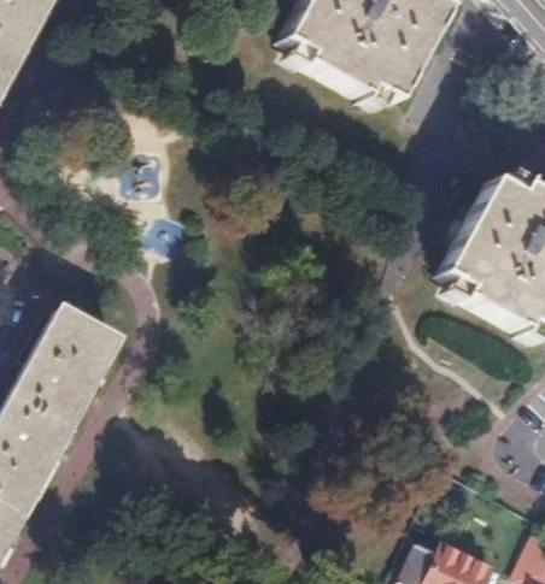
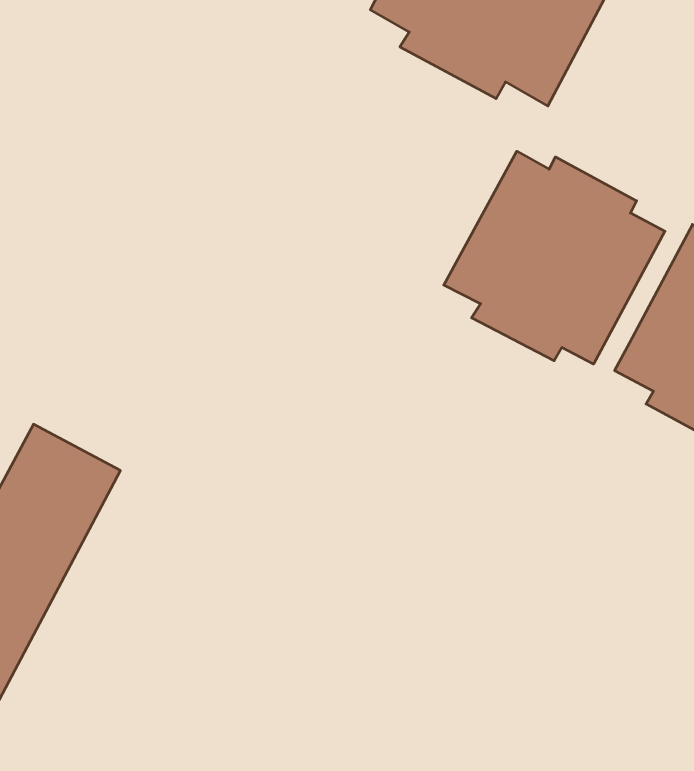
building: none -> [444,151,665,364]

